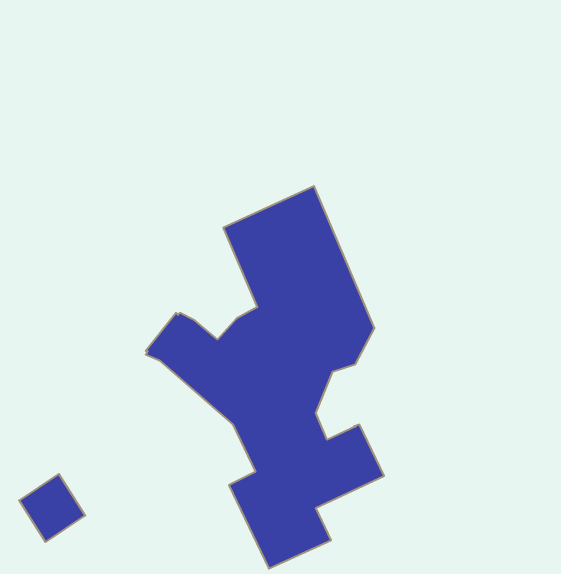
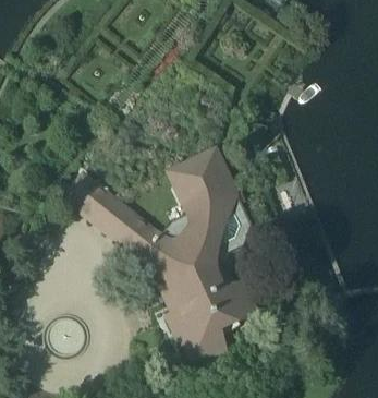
building: none -> [63,173,138,242]

